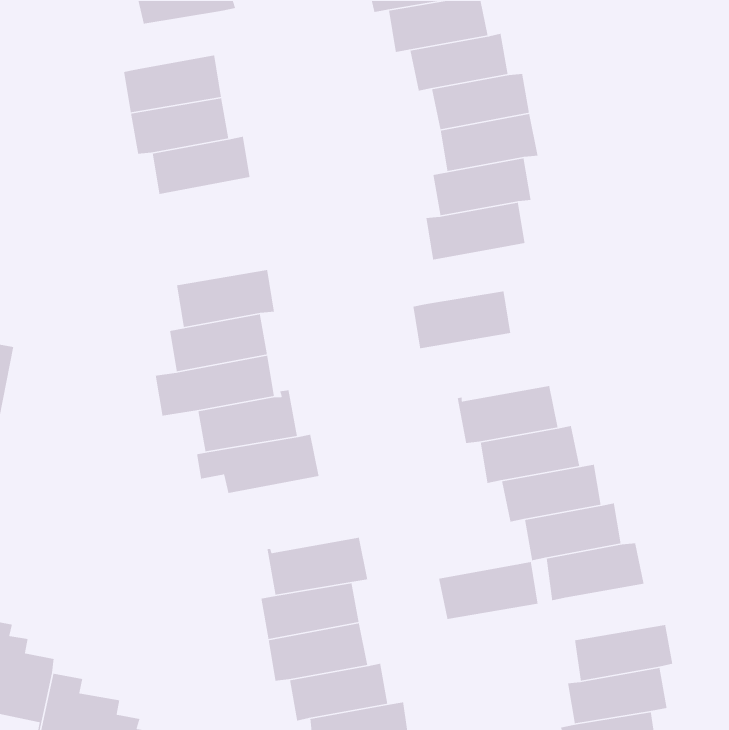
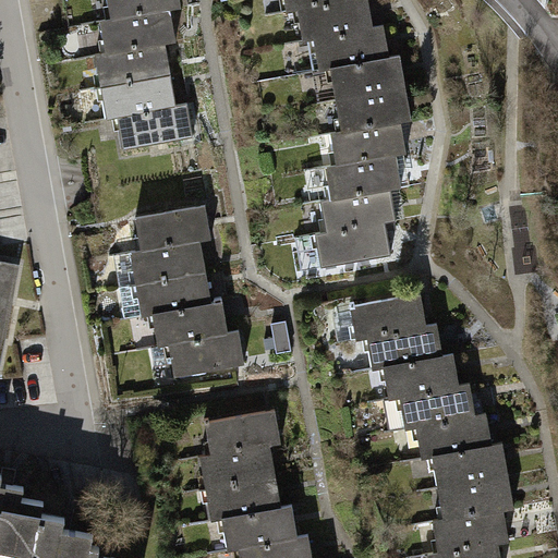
building: none -> [98,10,173,53]
building: none -> [319,189,395,232]
building: [438,561,539,620] -> [430,444,507,488]

